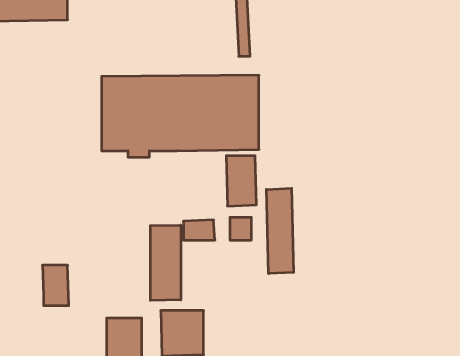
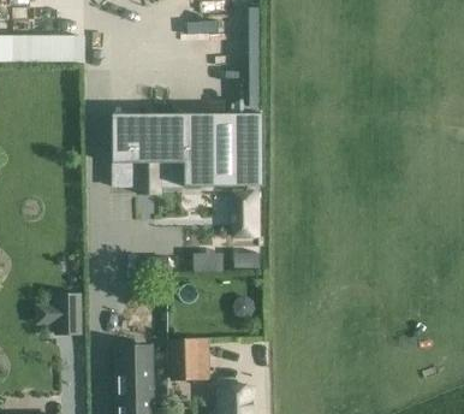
building: [266,188,294,274] -> none
building: [150,225,181,300] -> none

